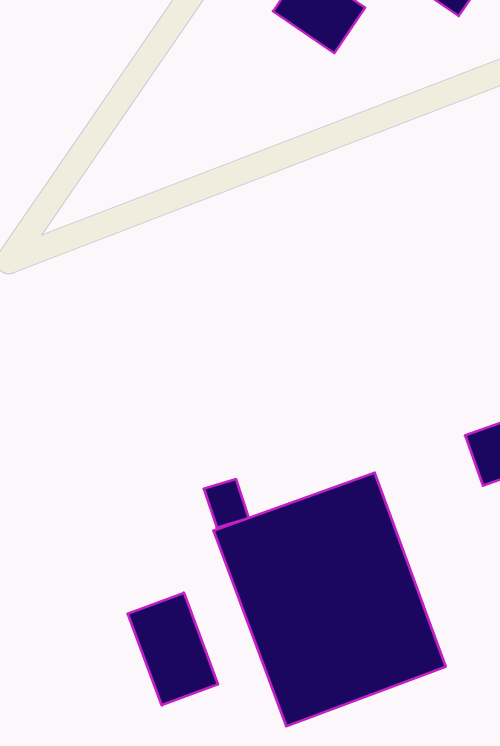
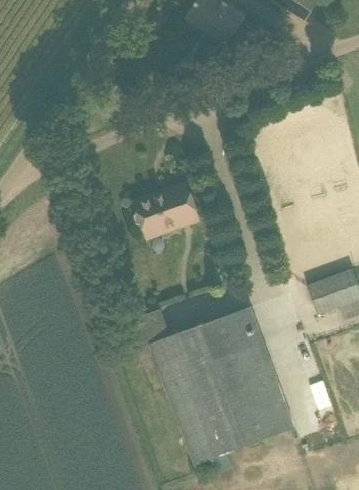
building: none -> [133,188,198,235]
building: [128,593,218,705] -> none

